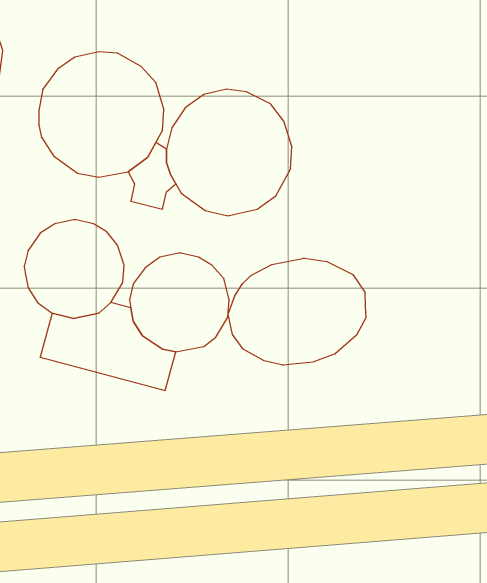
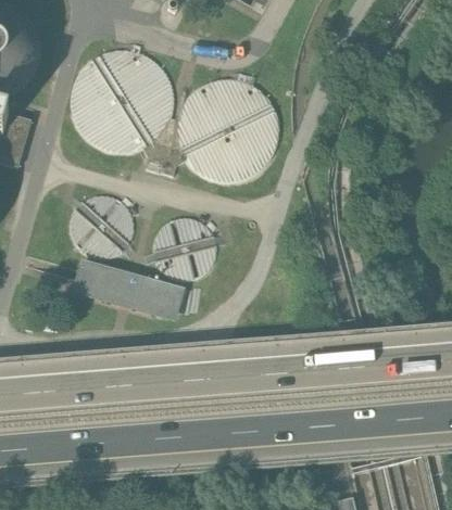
building: [228,258,366,365] -> none

